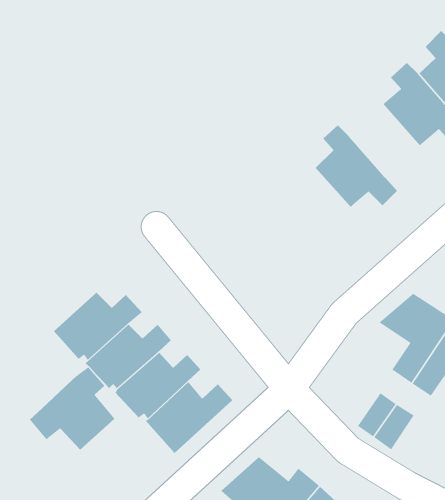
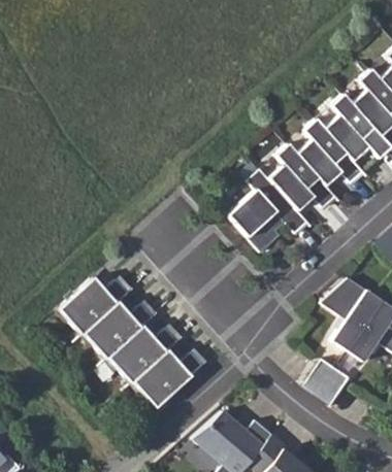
building: none -> [298,117,366,184]
building: none -> [229,167,309,236]
building: [29,366,115,451] -> none

